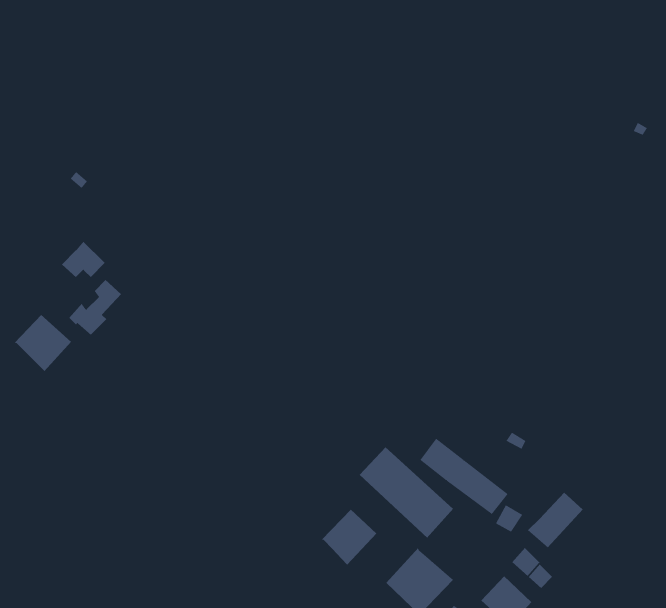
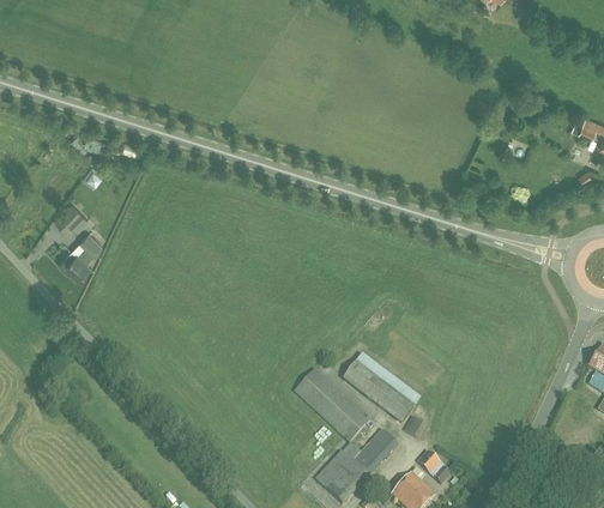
building: [14,314,72,372] -> none
building: [527,492,584,548] -> [352,428,398,473]
building: [321,509,377,566] -> none

